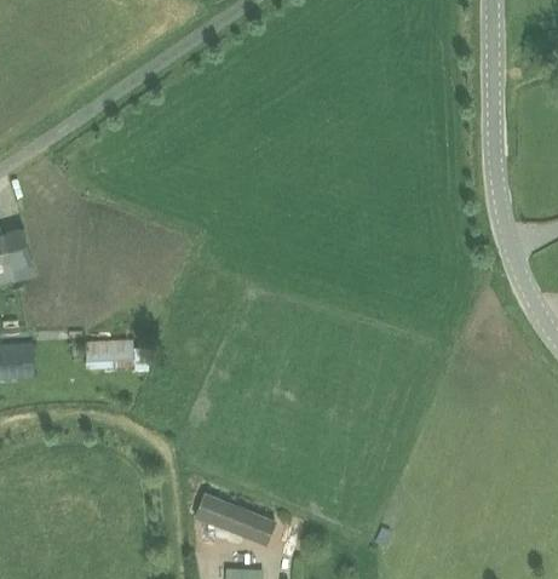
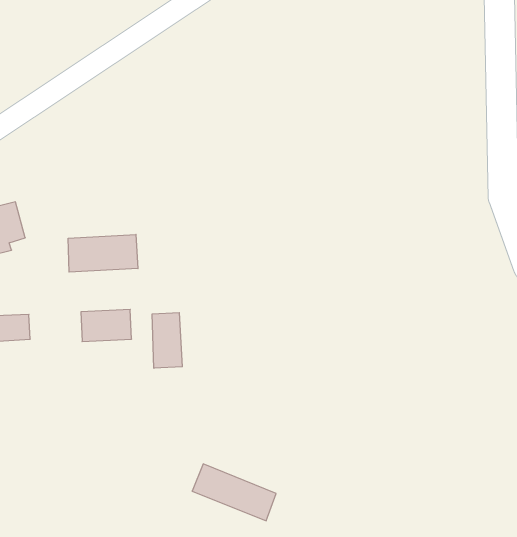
building: none -> [68,234,138,272]
building: none -> [152,313,182,368]

